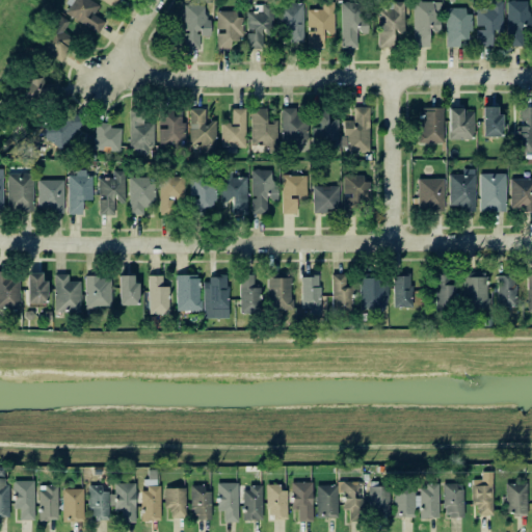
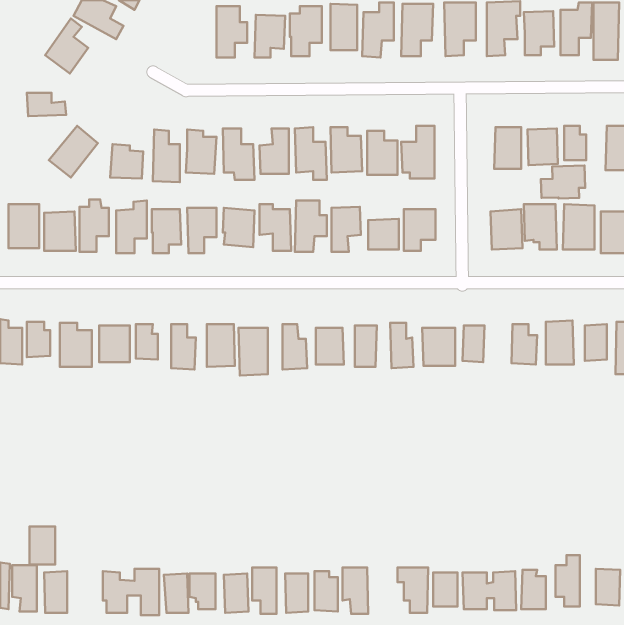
building: none -> [541,165,585,199]
building: [317,485,339,517] -> none
building: [60,488,82,521] -> [30,527,55,565]

